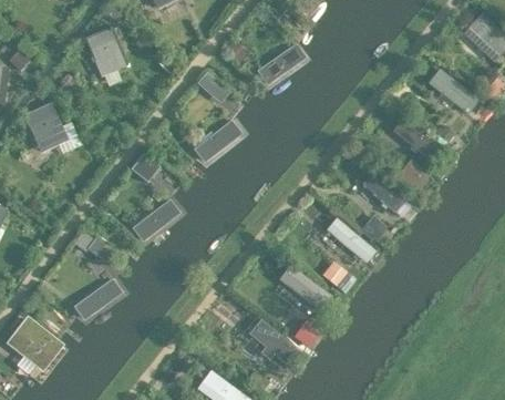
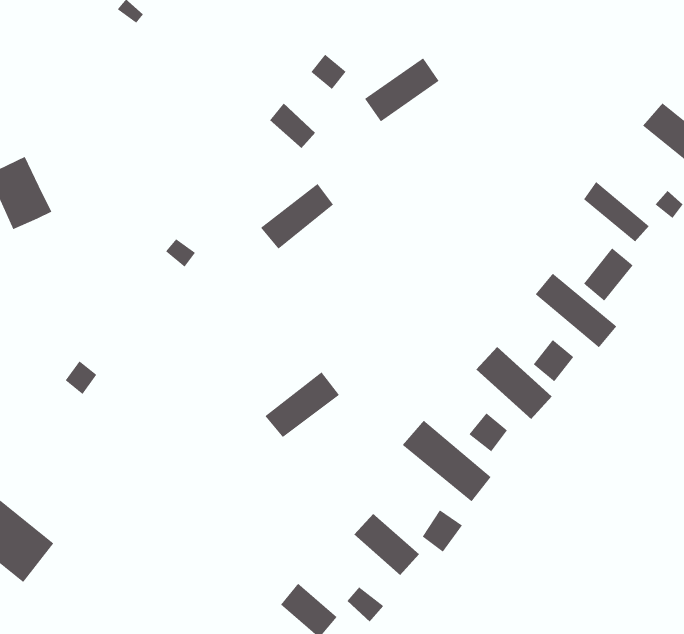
building: [86,27,124,73] -> none
building: [132,201,178,242] -> [265,371,340,438]
building: [72,280,118,321] -> none

